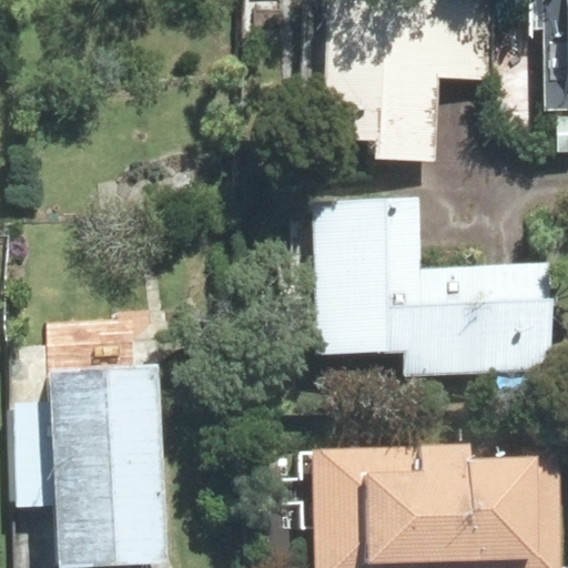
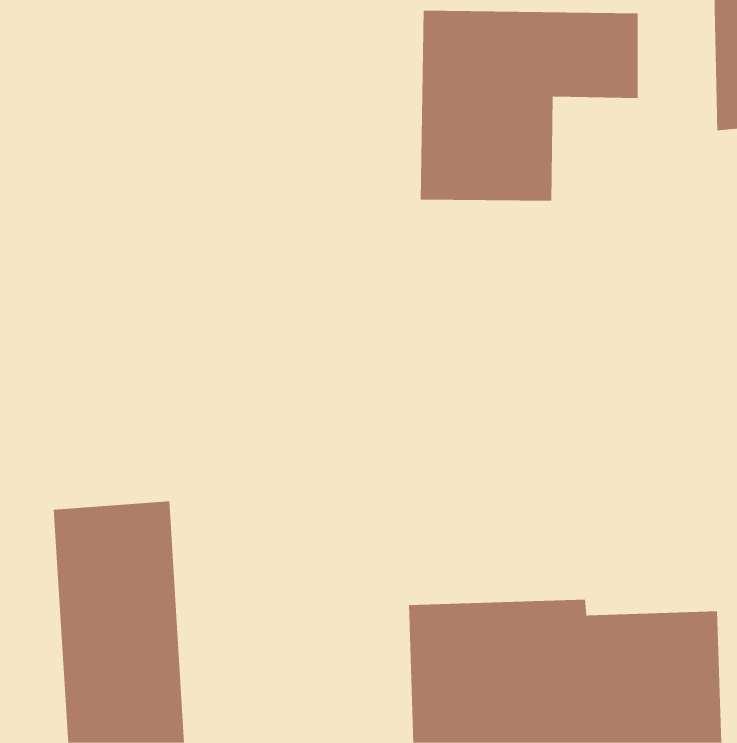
building: [314,205,542,373] -> none

